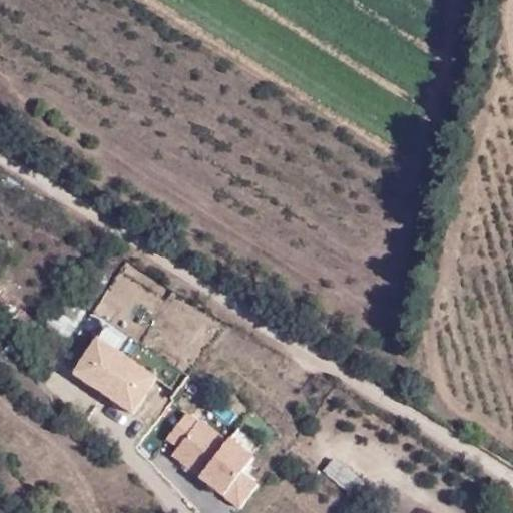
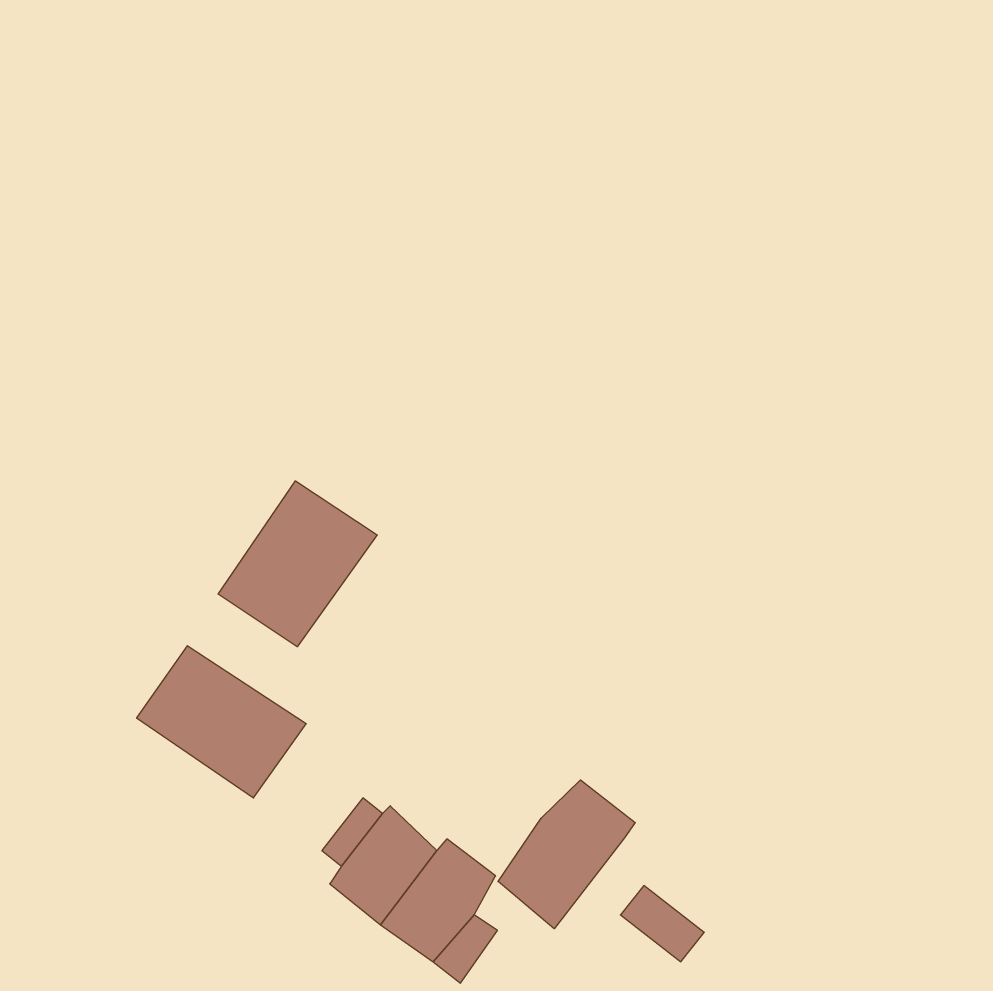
building: none -> [218,481,377,647]
building: none -> [498,780,635,929]

